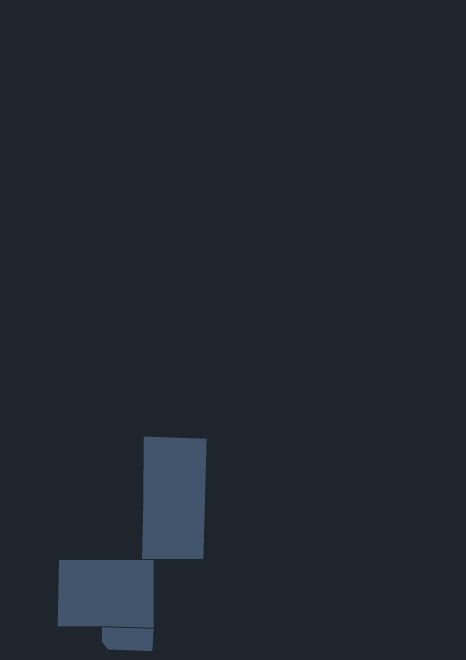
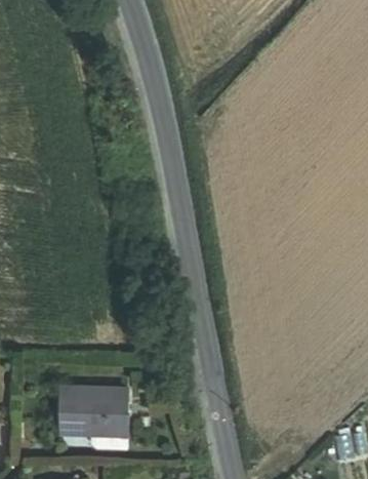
building: [141,436,207,560] -> none

